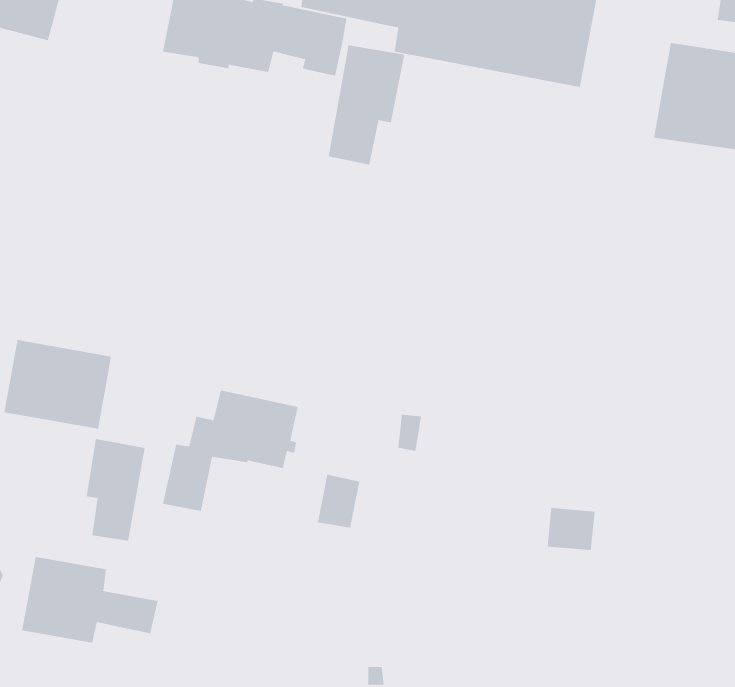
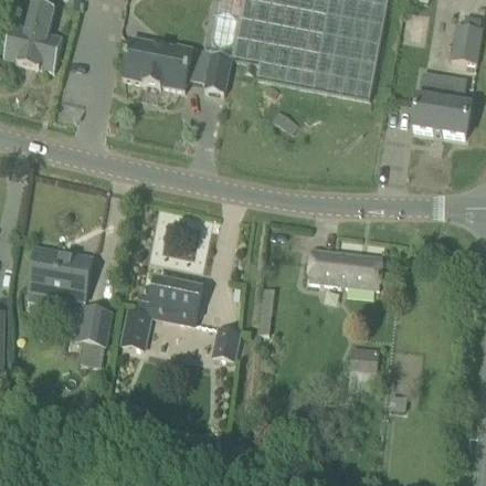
building: [328,44,405,165] -> none
building: none -> [308,247,382,288]
building: [21,556,158,644] -> none

